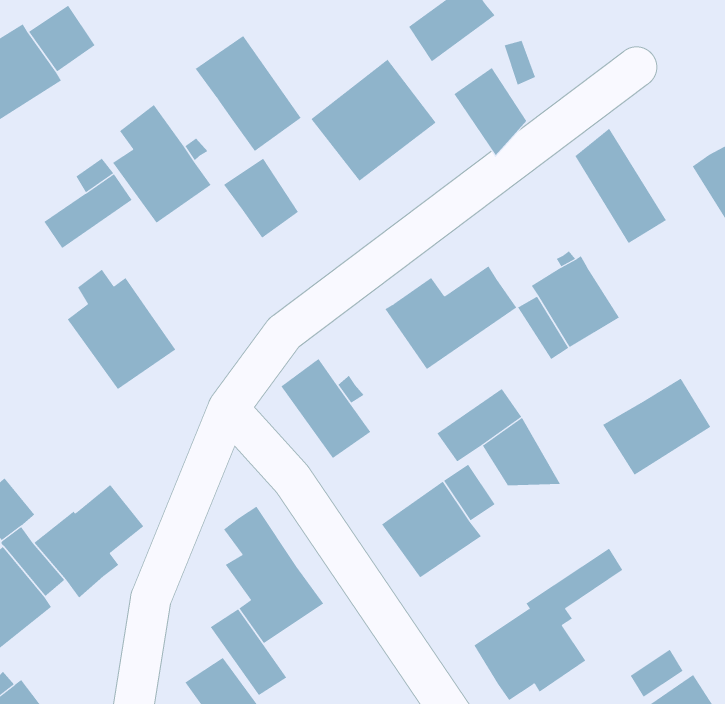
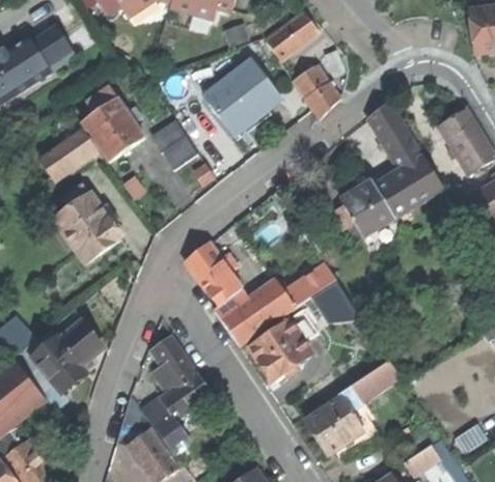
building: [195,35,301,152] -> none
building: [385,266,517,370] -> [213,282,295,346]
building: [602,378,711,475] -> [376,159,443,219]

